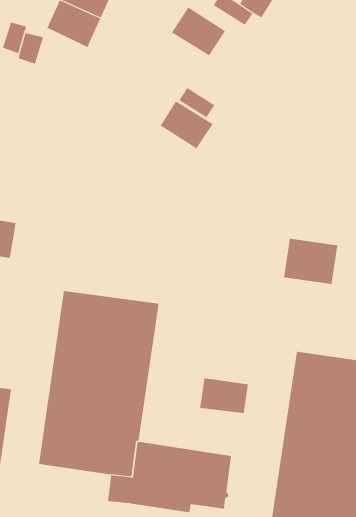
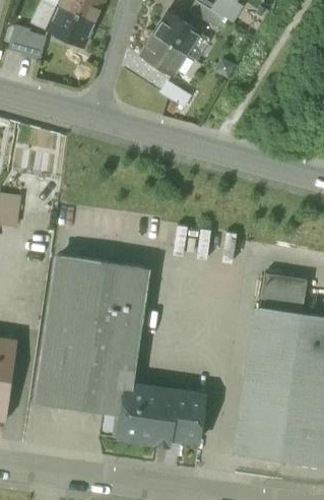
building: [160,100,214,149] -> [140,35,186,76]
building: [283,238,338,284] -> [260,273,307,313]
building: [199,378,248,414] -> none

